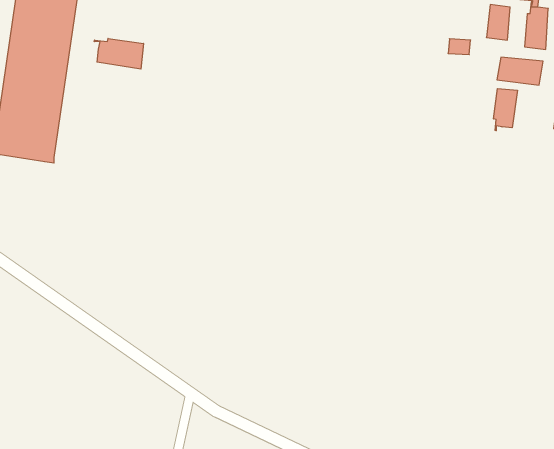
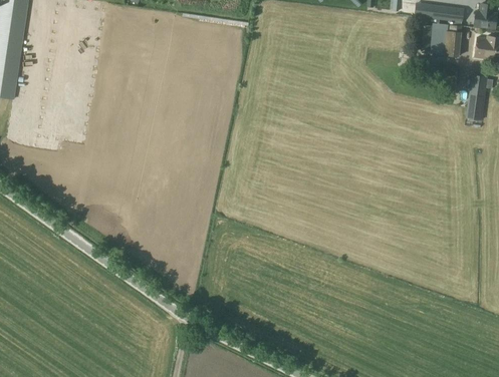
building: [94,38,143,69] -> none
building: [494,89,517,131] -> none

